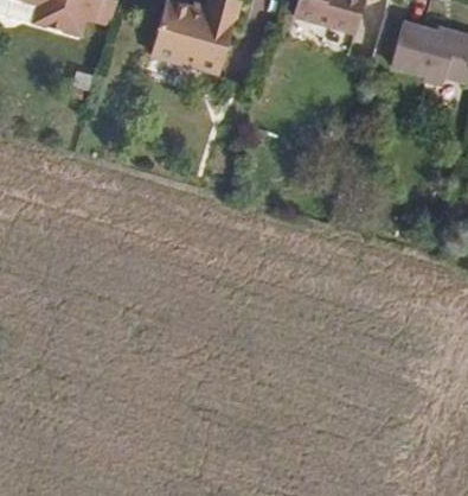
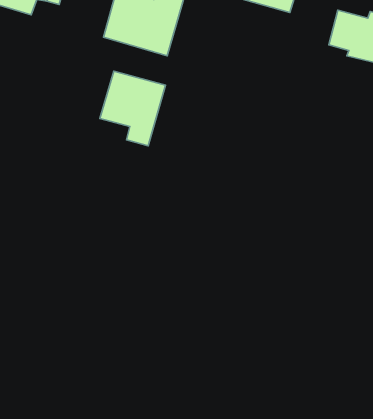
building: none -> [100,71,166,146]

